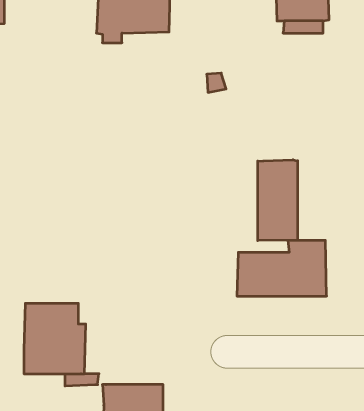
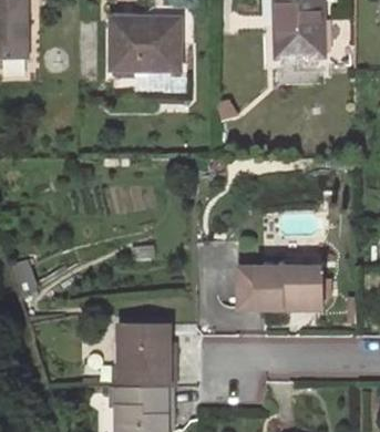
building: [258,160,298,241] -> none
building: [24,303,86,374] -> [119,323,175,388]

